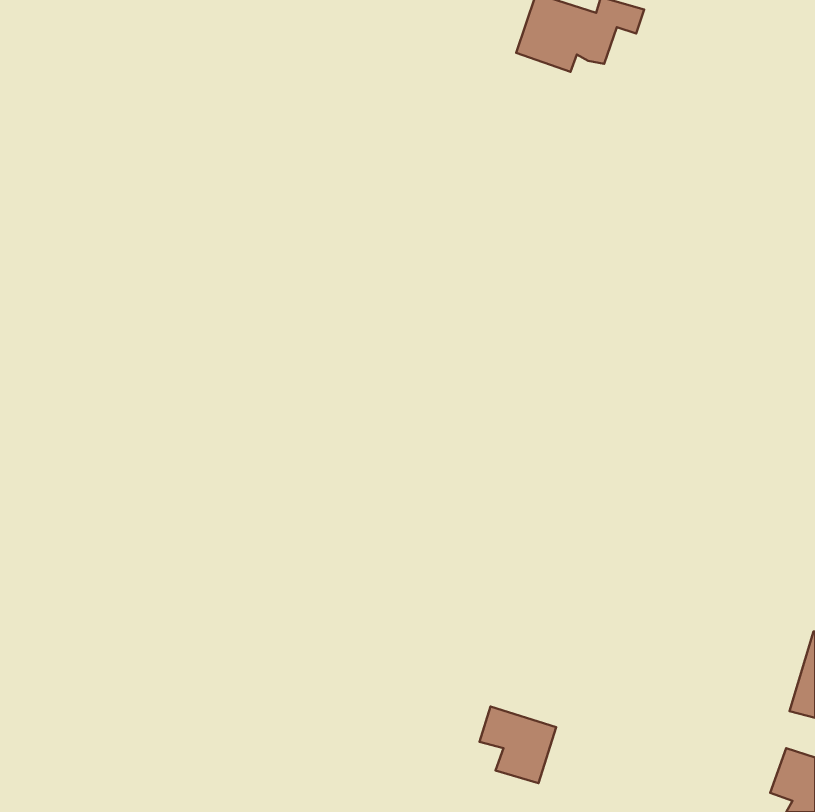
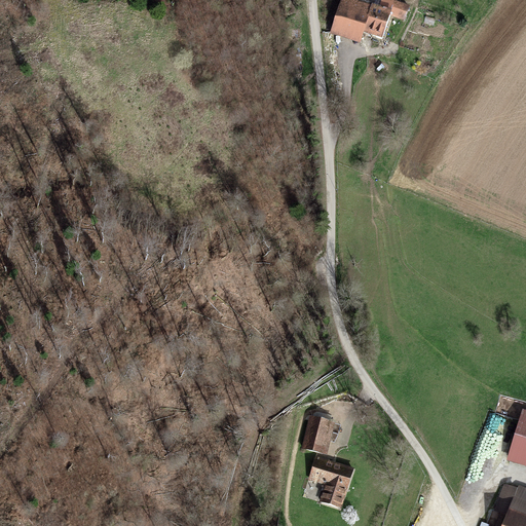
building: none -> [301,410,337,450]

